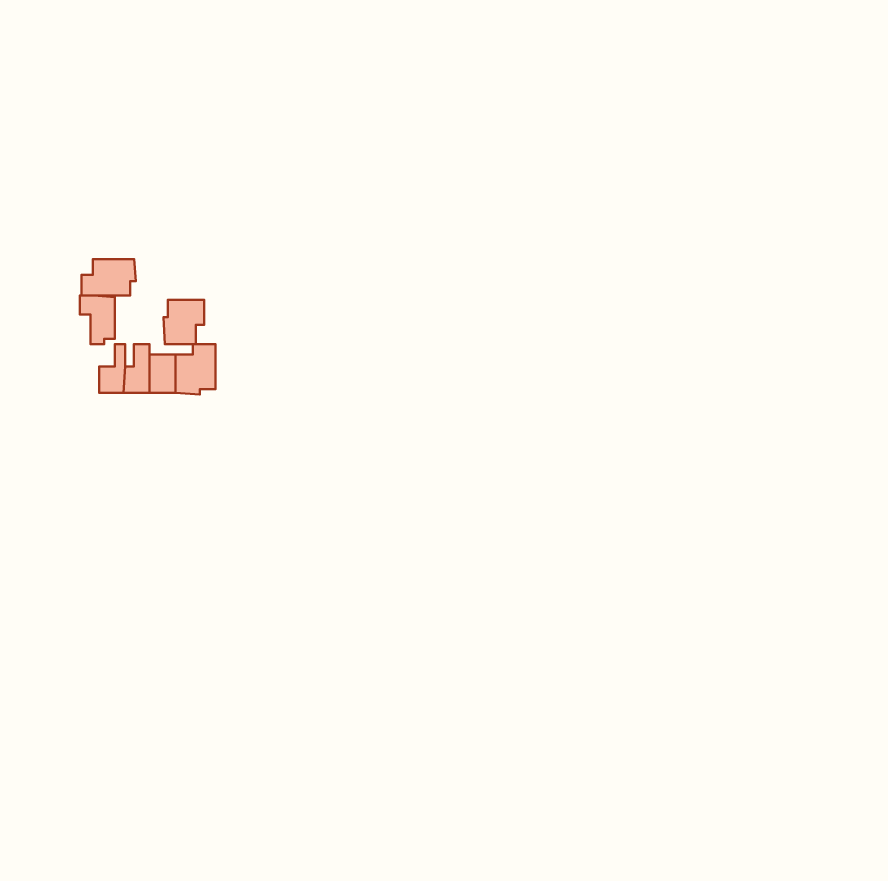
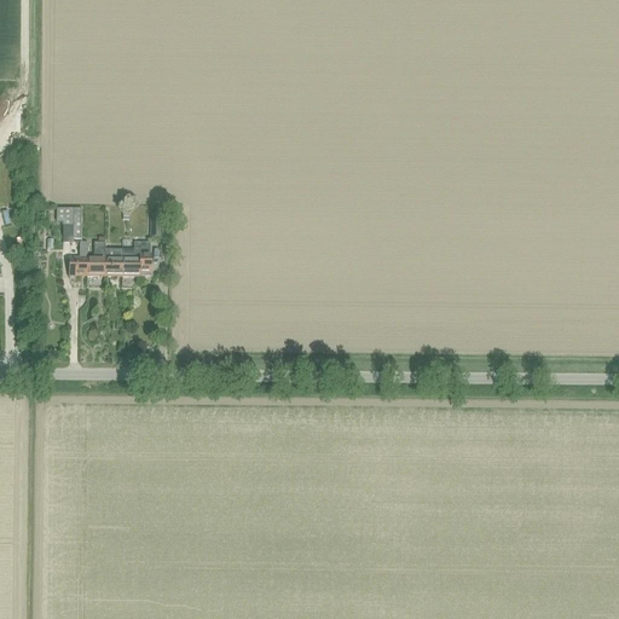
building: [82,259,136,295] -> none
building: [164,300,204,344] -> none

